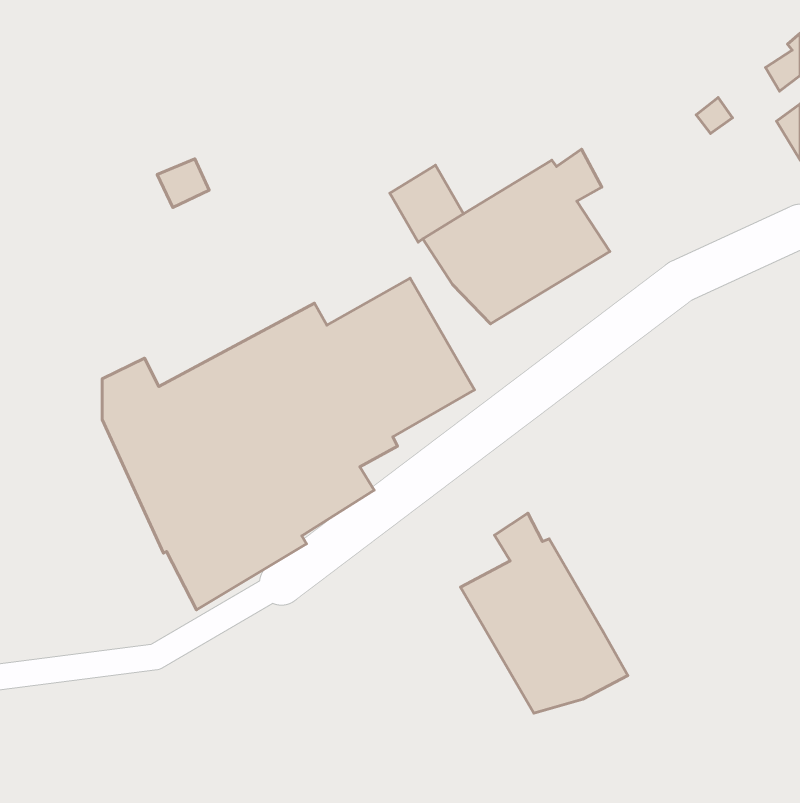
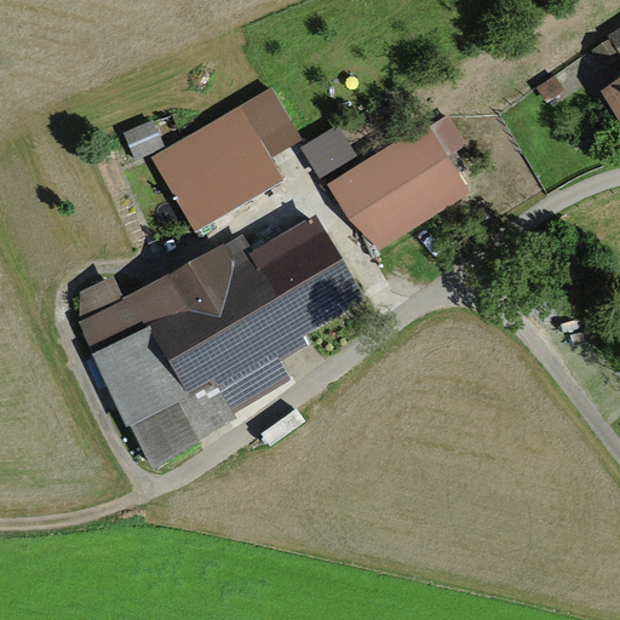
building: none -> [150,87,302,231]
building: [461,513,628,713] -> none

